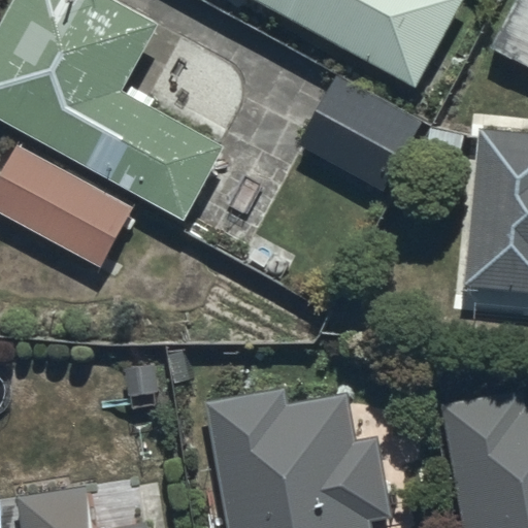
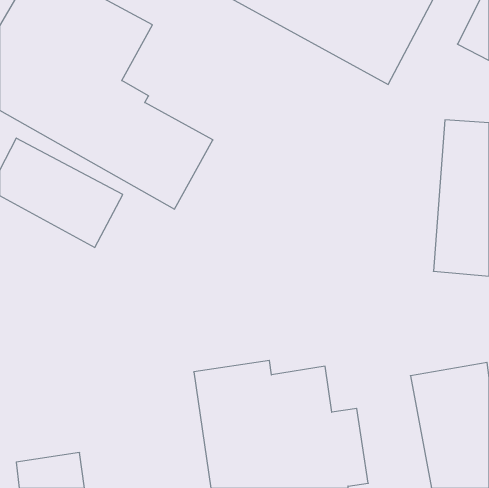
building: [301,77,422,190] -> none

